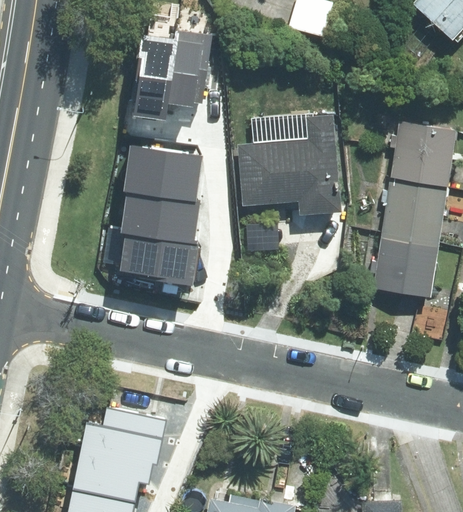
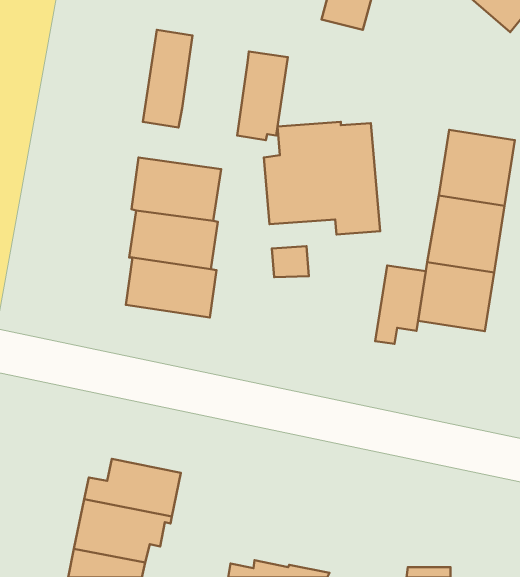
building: [167,30,211,107] -> [237,51,288,140]
building: none -> [375,265,426,344]

